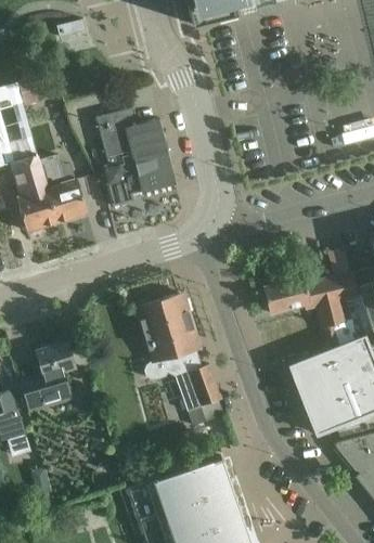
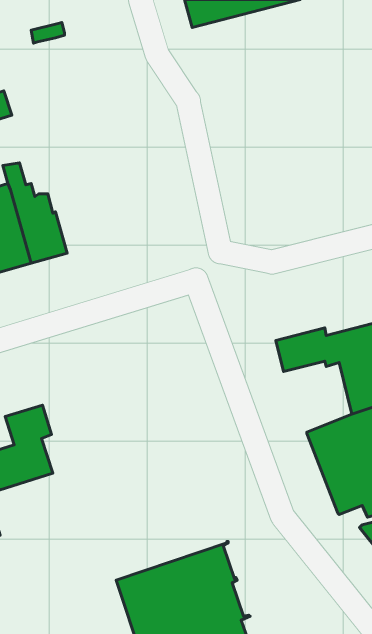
building: [95,107,177,206] -> none
building: [137,292,201,379] -> none
building: [176,364,221,411] -> none

